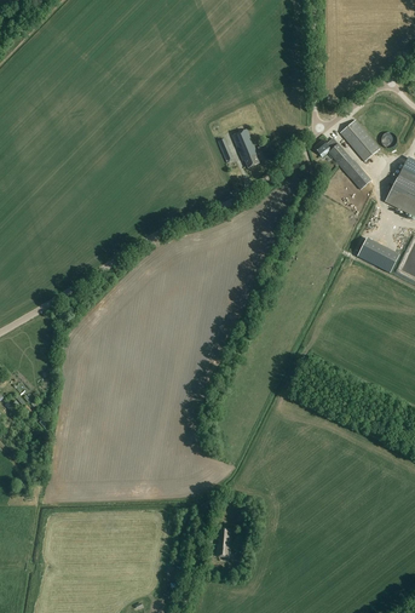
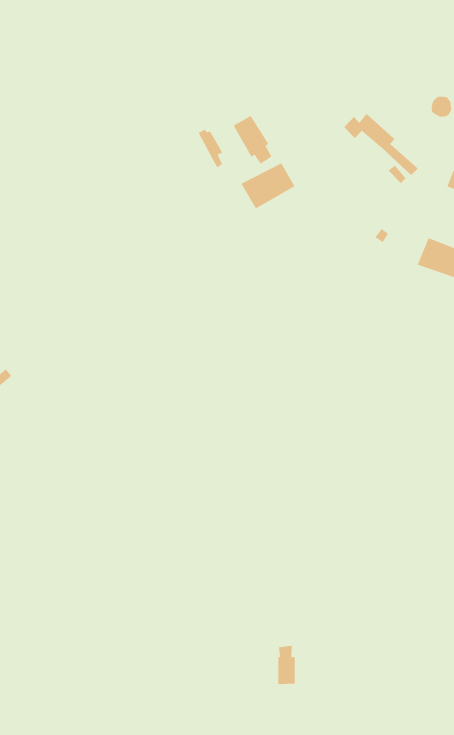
building: [340,120,380,161] -> none
building: none -> [241,163,295,209]

